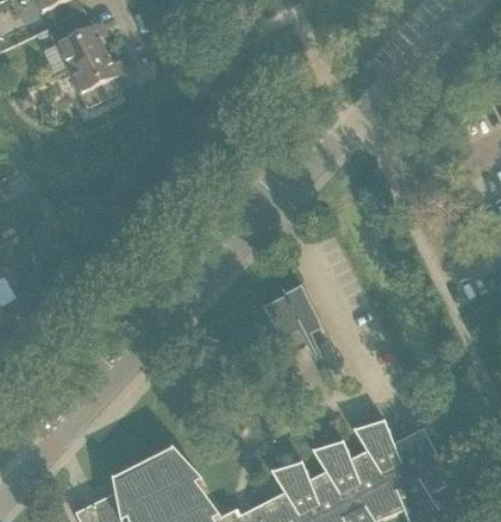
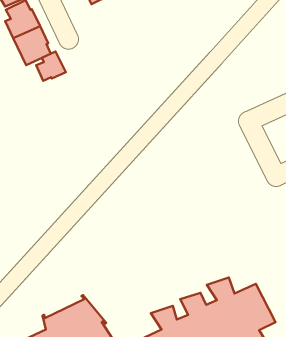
building: none -> [36,51,66,81]
building: [261,284,320,359] -> none

